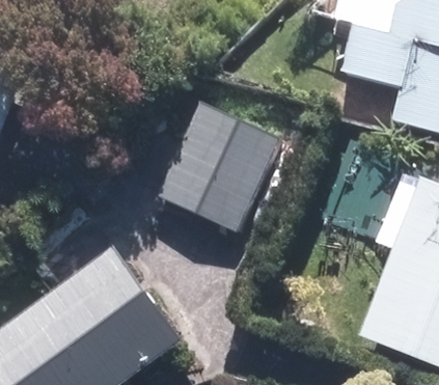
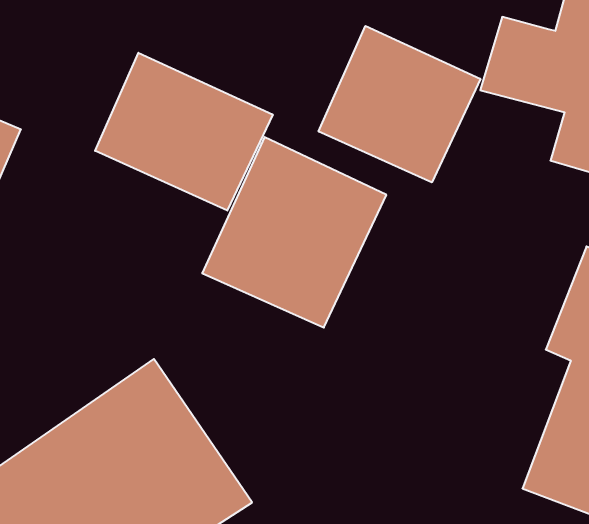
building: none -> [319,26,480,182]
building: none -> [95,53,273,211]

